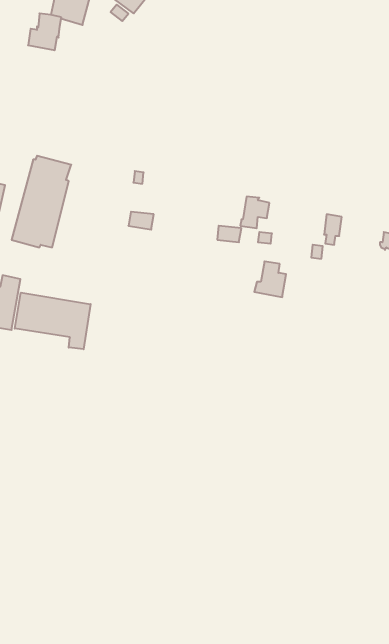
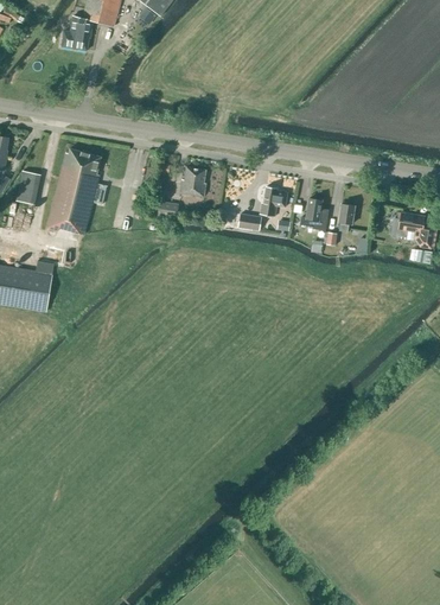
building: none -> [179,166,205,196]
building: [254,261,286,297] -> [299,197,329,230]
building: [15,293,91,349] -> none

